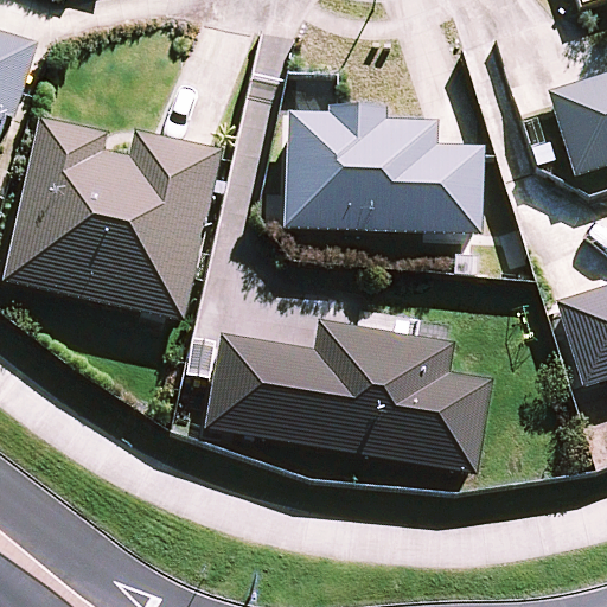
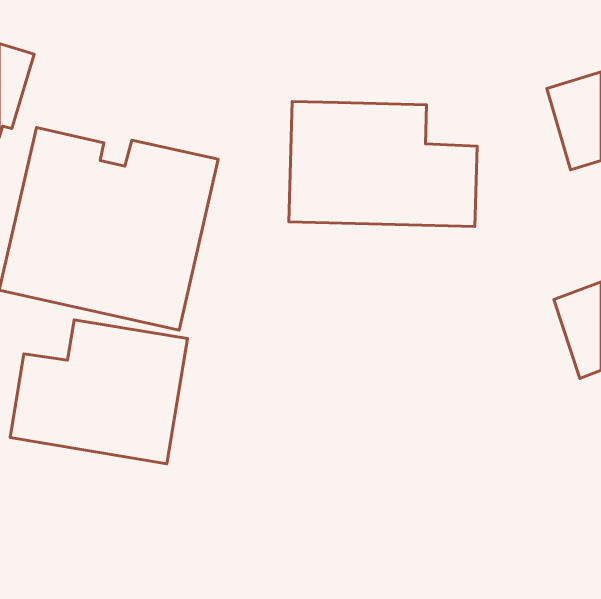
building: [212,318,490,467] -> none
building: none -> [10,320,187,464]

